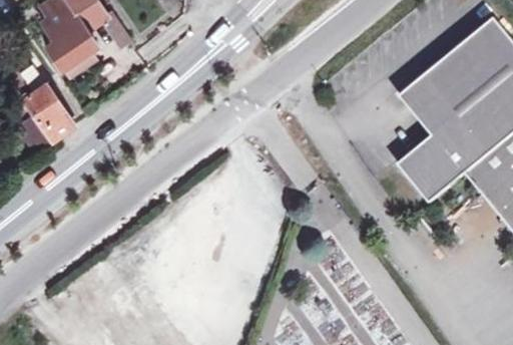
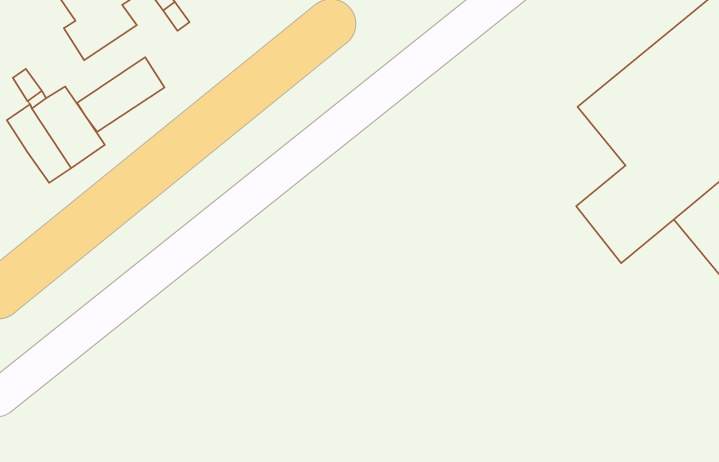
building: none -> [77,57,164,132]

